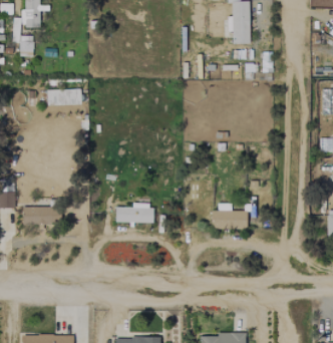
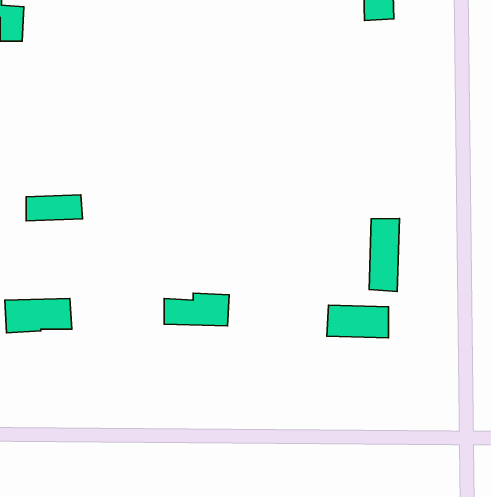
building: [49,89,82,104] -> [26,195,83,221]
building: none -> [369,219,399,291]

